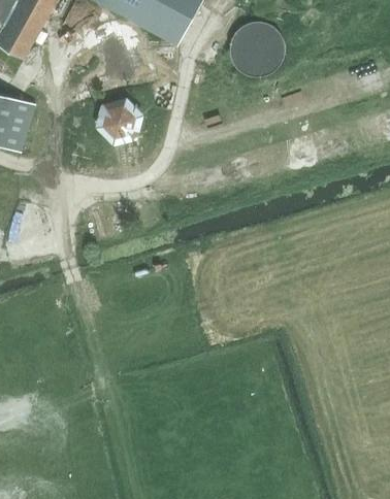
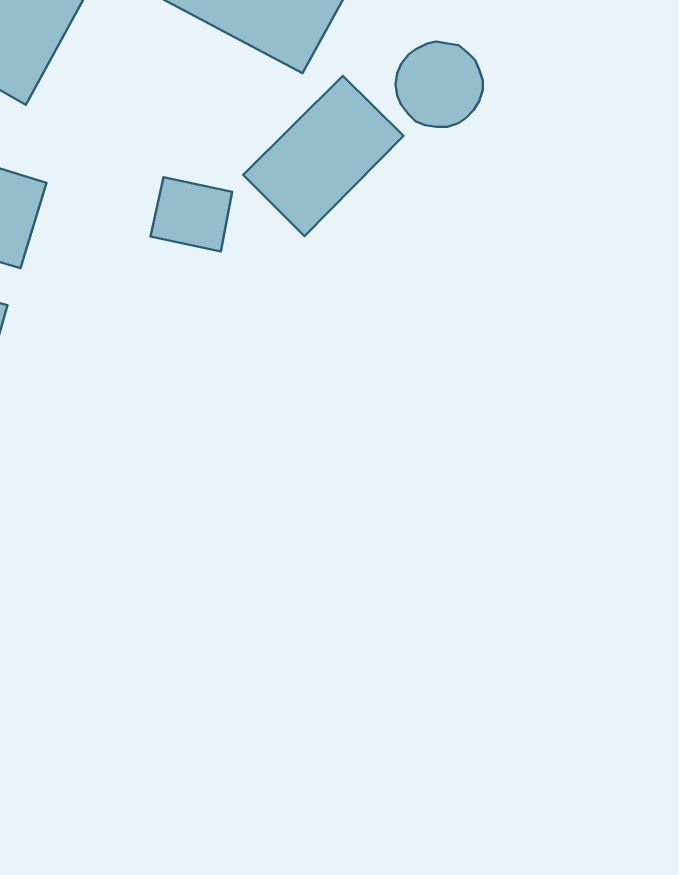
building: none -> [243,76,403,236]

